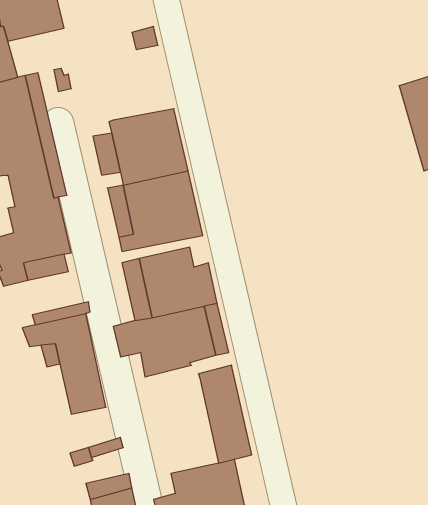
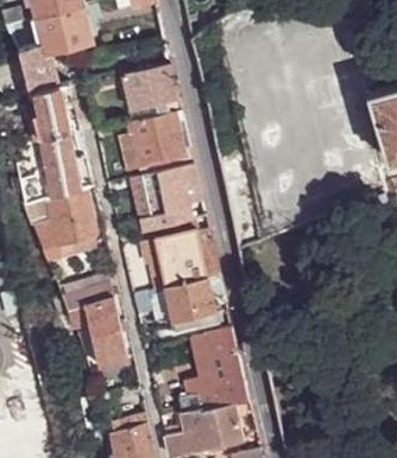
building: none -> [121,65,182,123]
building: none -> [177,336,219,414]

